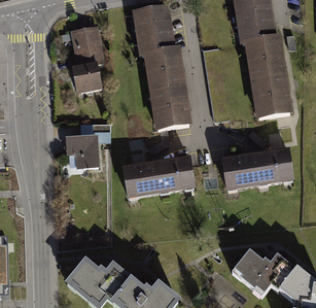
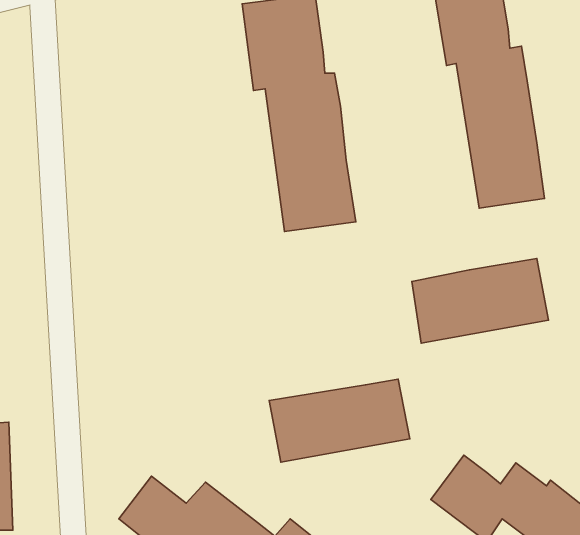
building: [70,23,104,58] -> none
building: [72,60,101,91] -> none
building: [65,132,99,167] -> none
building: [121,155,197,199] -> [269,379,410,462]

